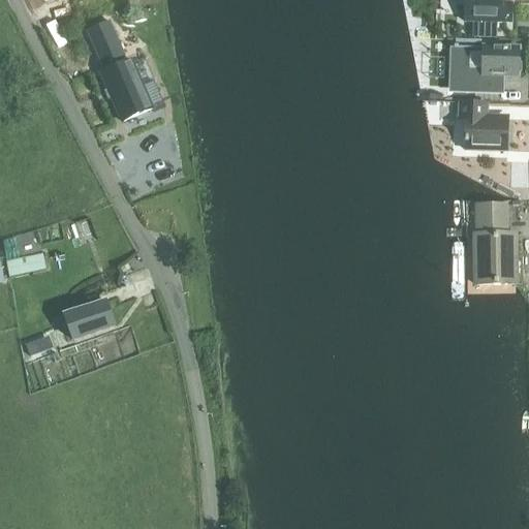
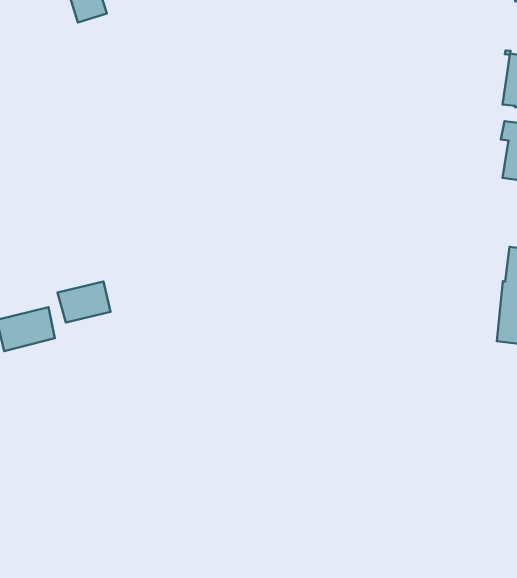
building: [99,58,161,119] -> none
building: none -> [58,281,110,322]

